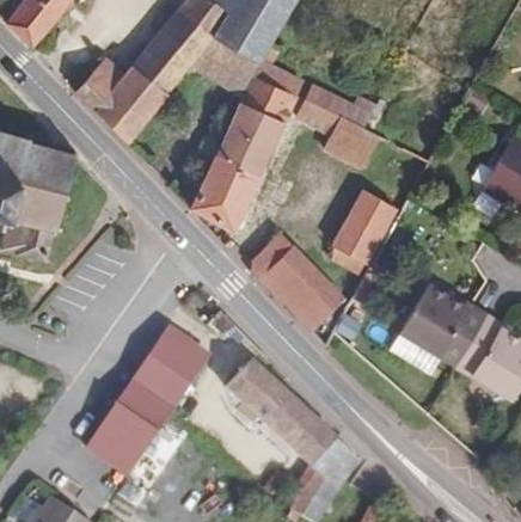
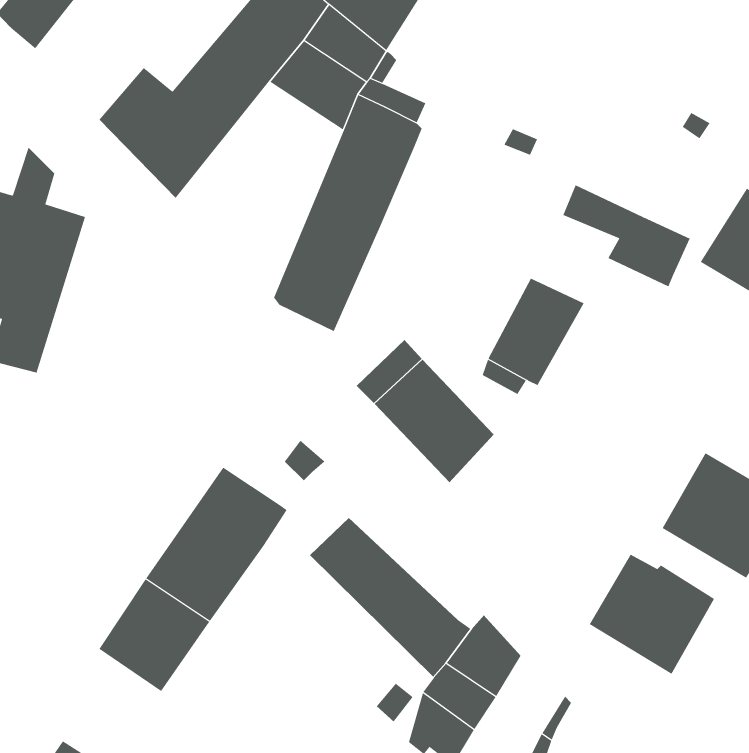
building: [296,99,381,167] -> [563,185,690,287]
building: [399,281,483,361] -> [589,554,715,675]

